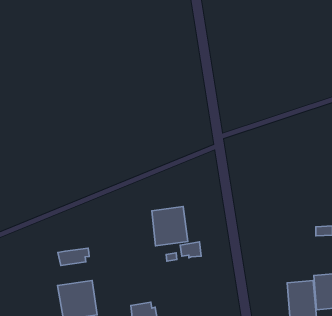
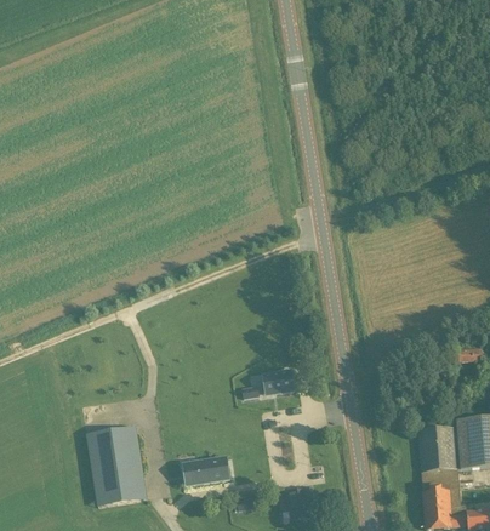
building: [152,207,188,246] -> none
building: [58,248,89,266] -> none

